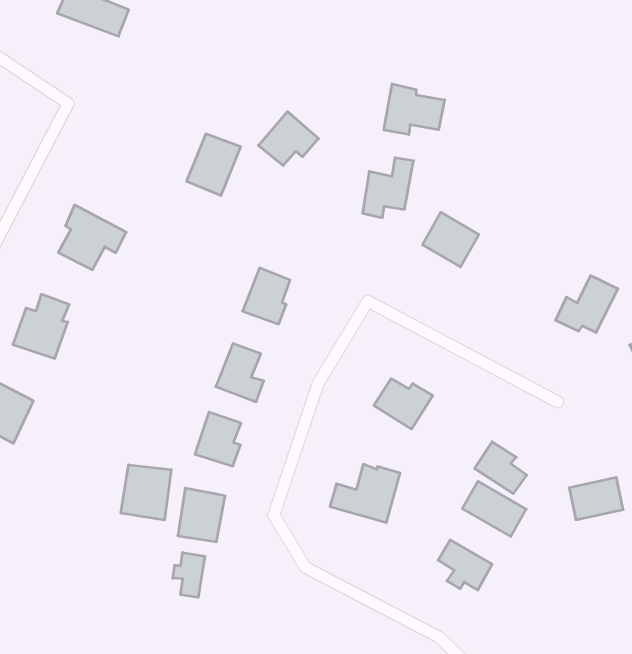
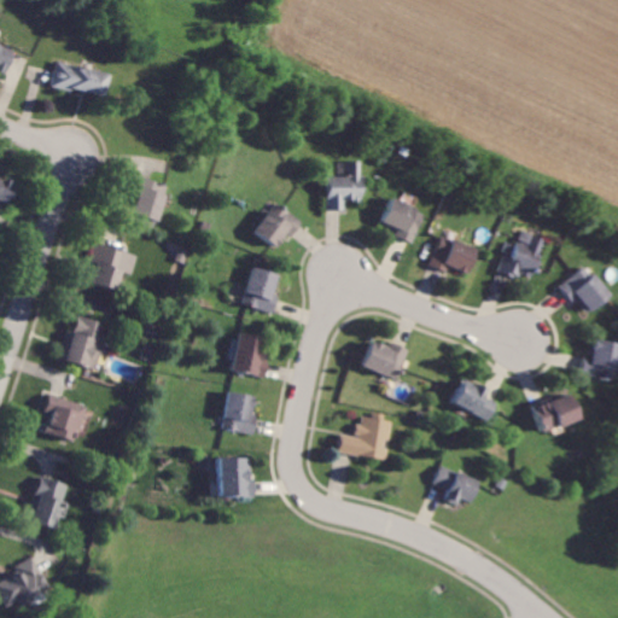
building: [384,84,445,135] -> none
building: [258,112,319,166] -> [255,202,303,246]
building: [187,134,241,195] -> [127,176,167,225]
building: none -> [431,234,478,273]
building: [121,465,171,520] -> none
building: [462,481,526,537] -> none
building: [173,552,205,597] -> none

